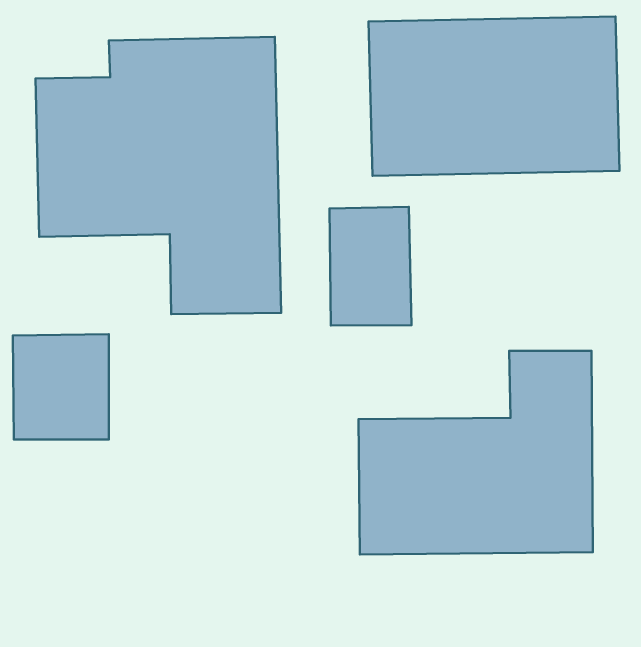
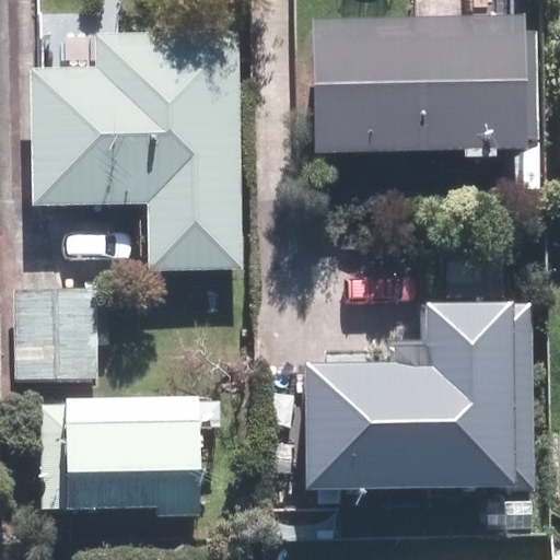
building: [330,207,411,326] -> none
building: none -> [42,400,201,504]

